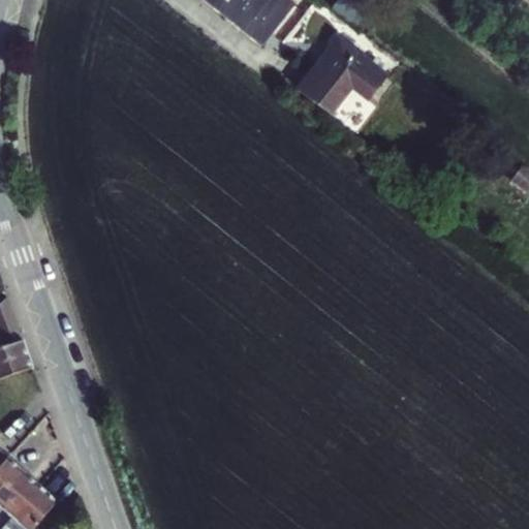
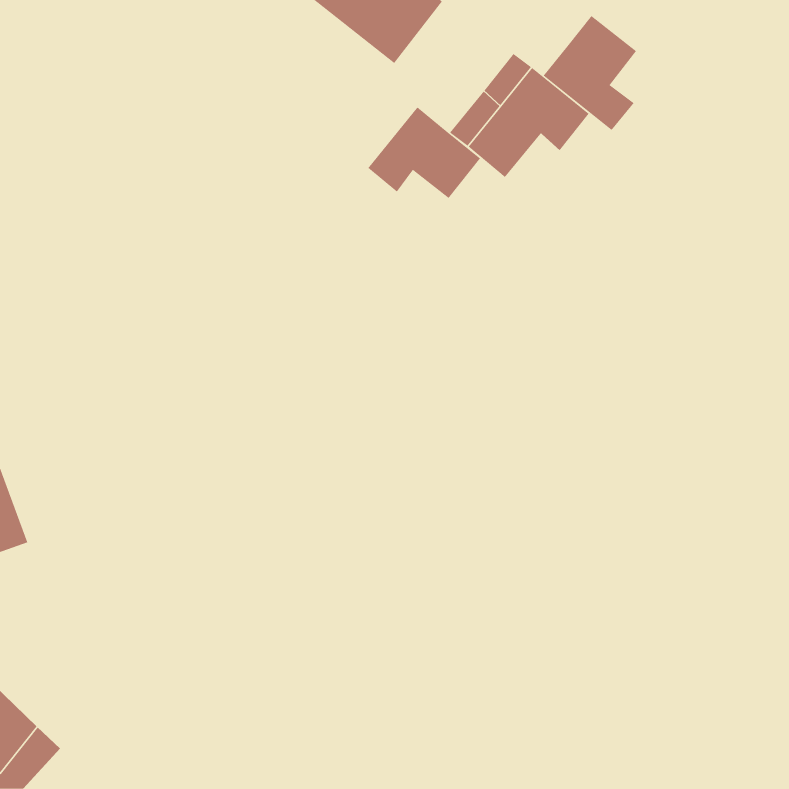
building: none -> [543,15,637,131]
building: none -> [368,107,481,199]

